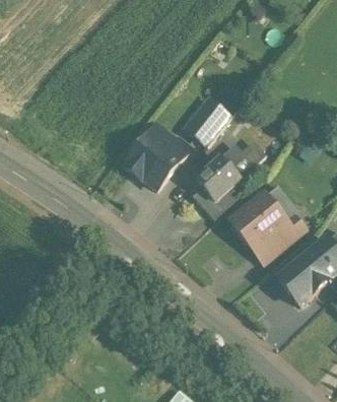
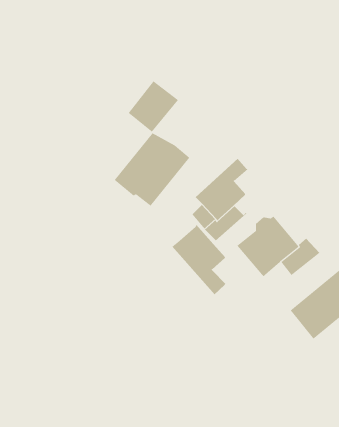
building: [185,98,229,144] -> [128,80,179,132]
building: [229,142,265,177] -> none
building: none -> [171,224,226,295]

